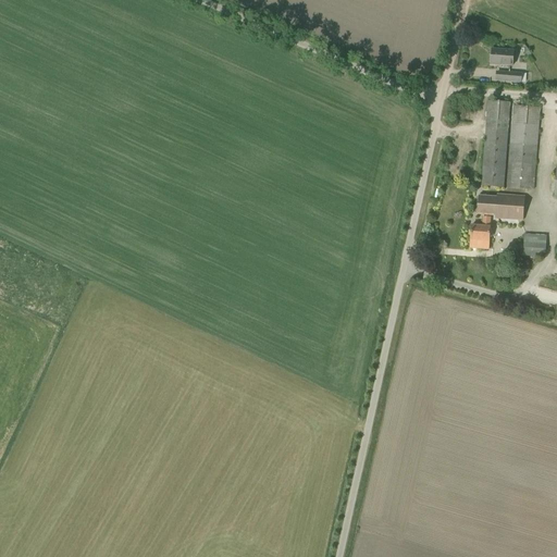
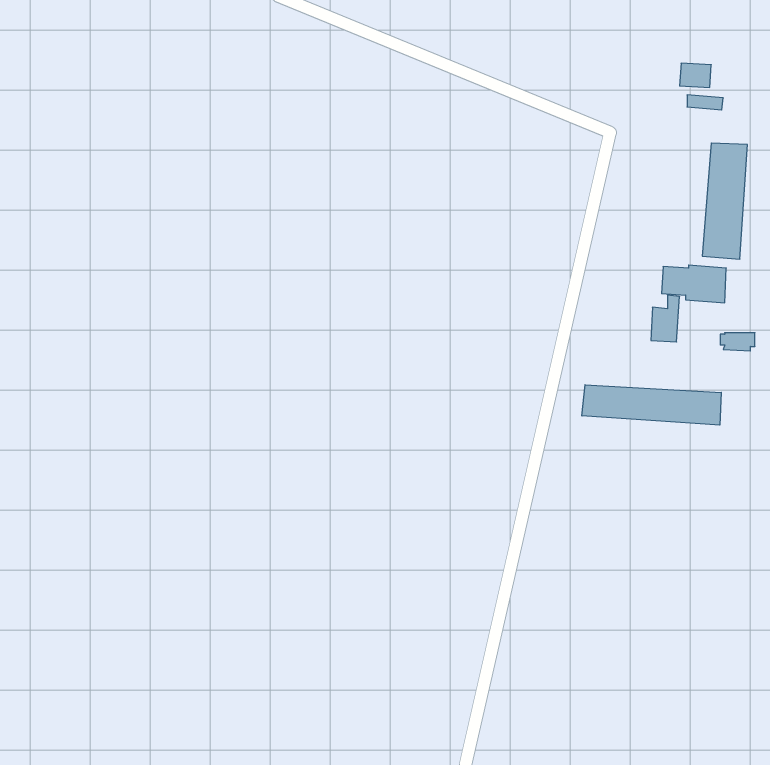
building: [481,98,510,185] -> none
building: none -> [582,385,721,425]

